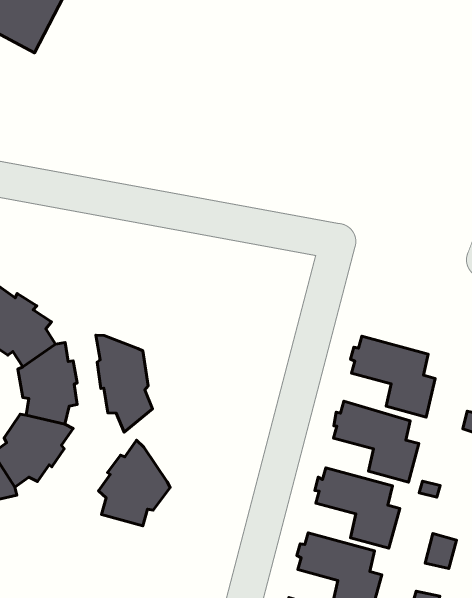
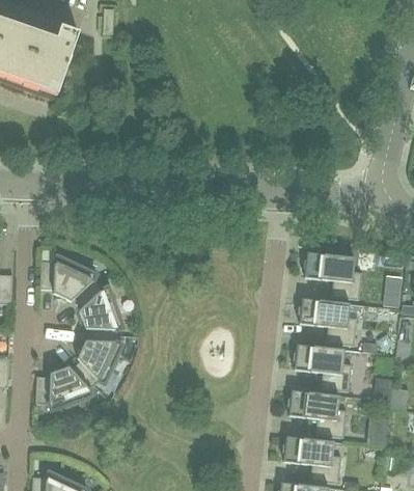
building: [96,335,153,432] -> none
building: [99,440,170,526] -> none

